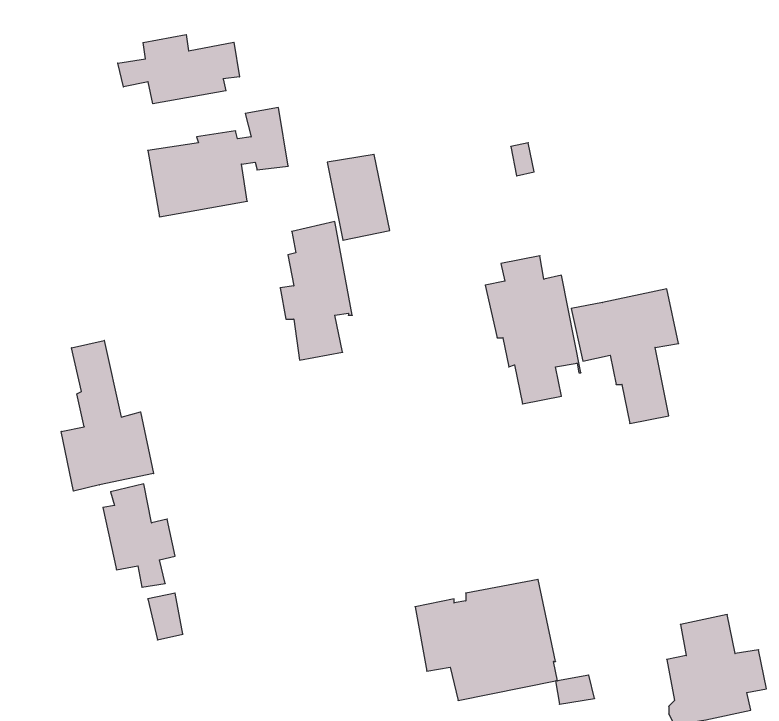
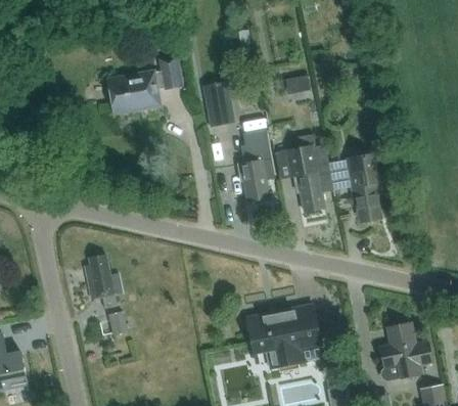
building: [118,35,239,104] -> none
building: [280,222,352,360] -> [237,130,275,202]
building: [61,340,154,491] -> none

